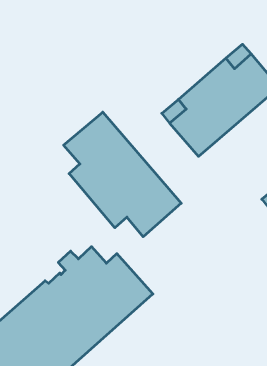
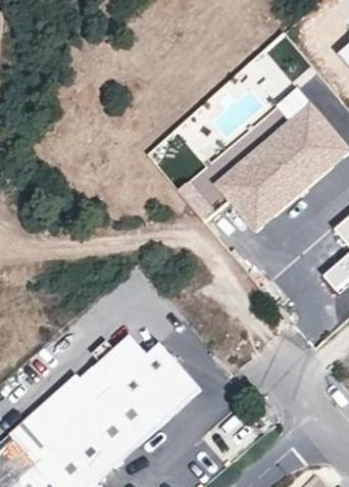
building: [64,112,181,237] -> none

